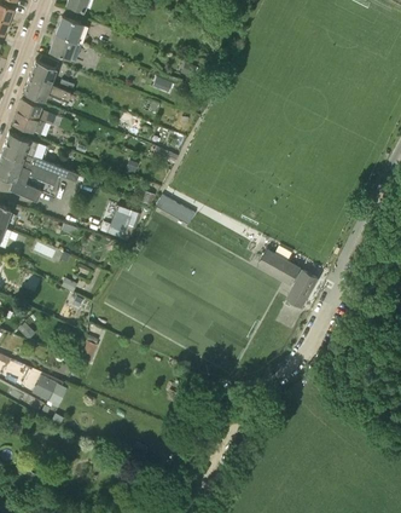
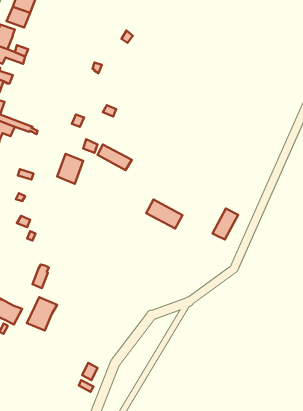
building: [260,250,302,284] -> [146,200,183,229]
building: none -> [27,297,57,331]

